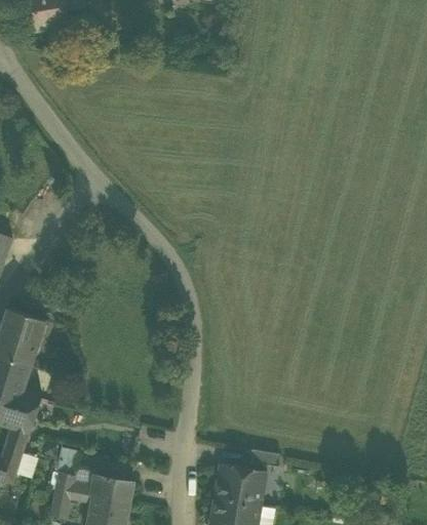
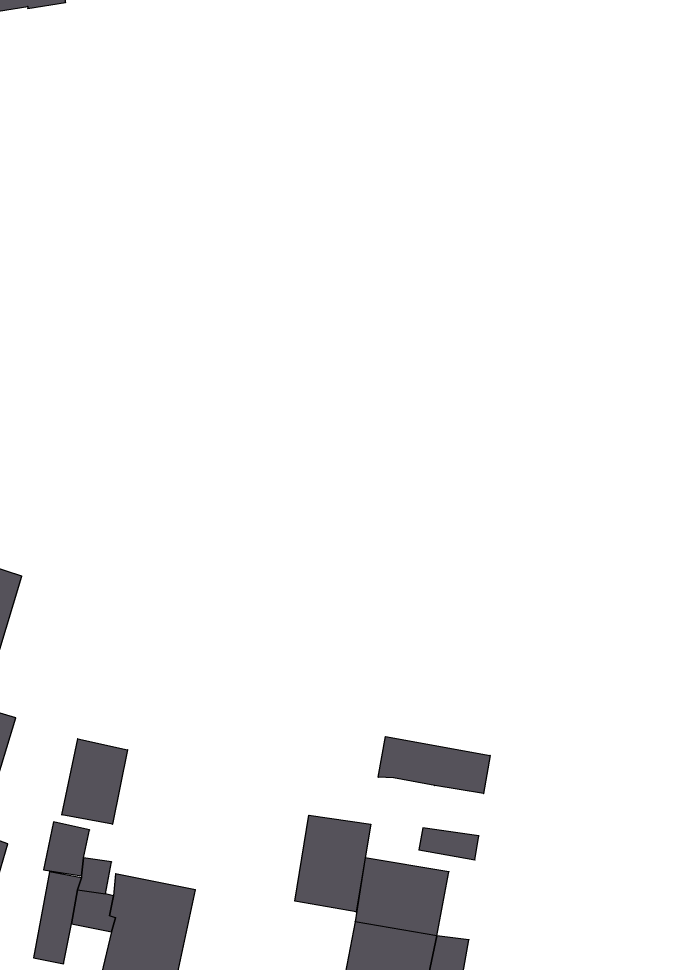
building: none -> [378,737,490,794]
building: none -> [62,739,128,824]
building: none -> [295,815,371,912]

